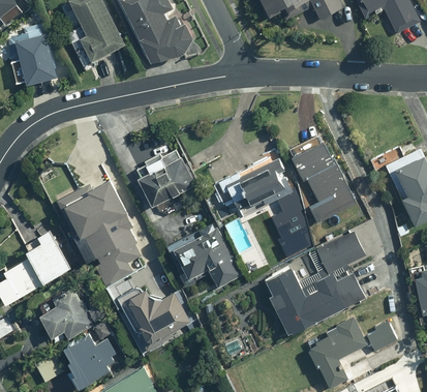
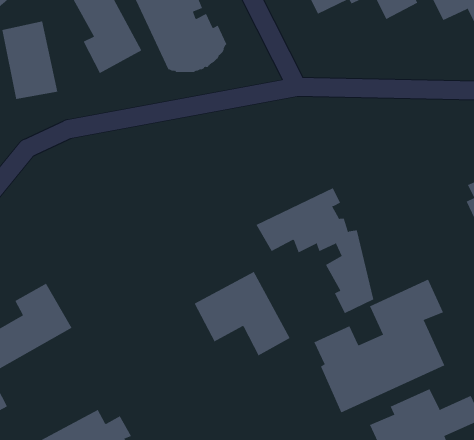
building: [287,135,357,224] -> none
building: [132,150,193,207] -> none
building: [56,180,142,290] -> none
building: [122,283,194,349] -> none
building: [38,287,111,350] -> none

